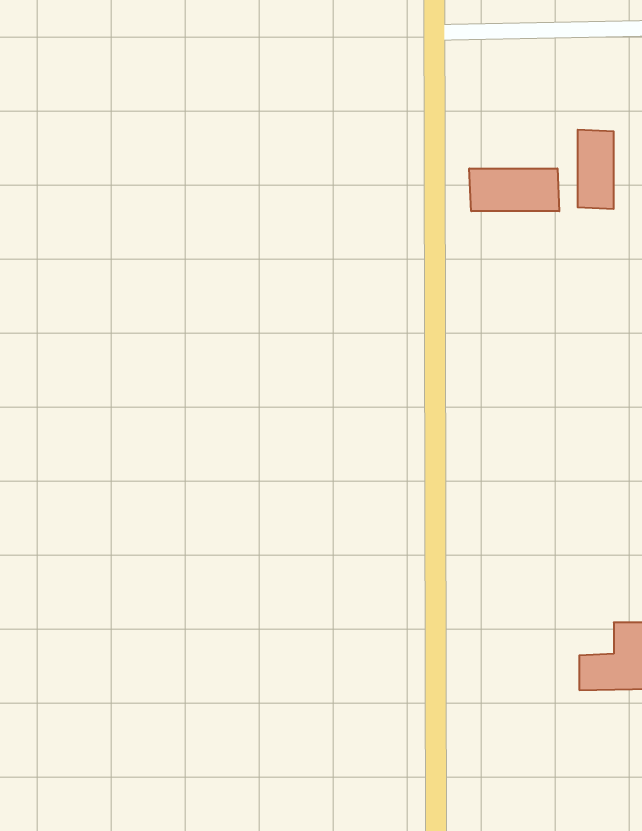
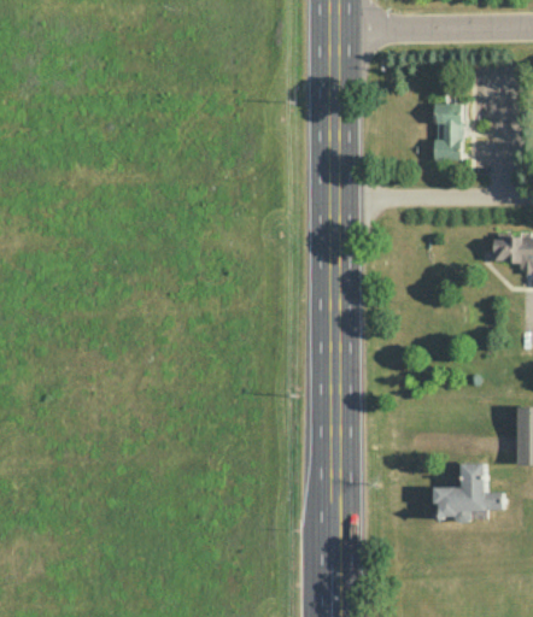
building: [469,168,559,211] -> none

